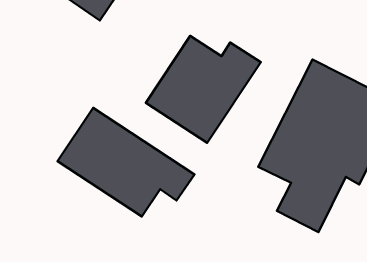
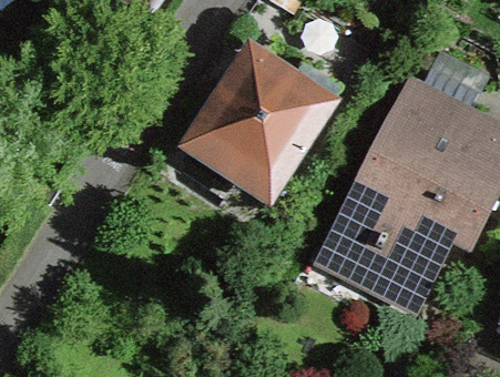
building: [58,108,195,217] -> none

